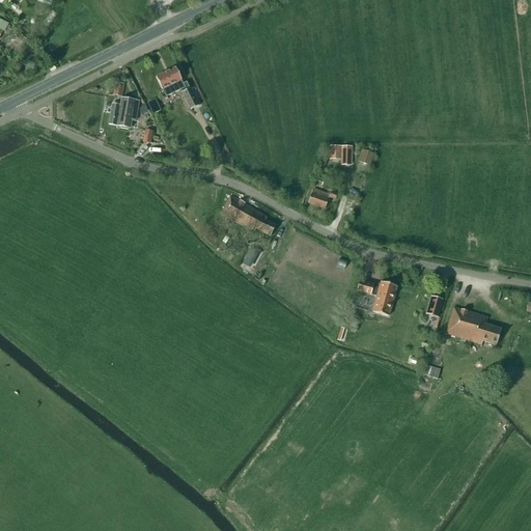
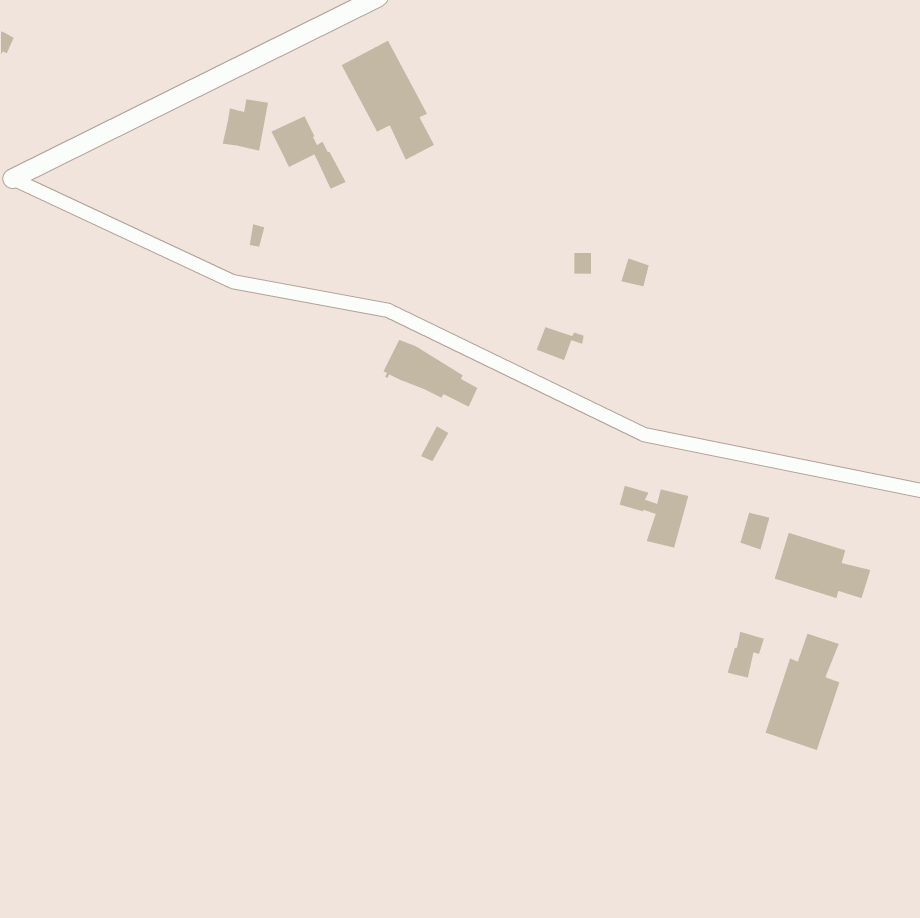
building: none -> [341,40,435,161]
building: [110,99,137,129] -> [222,99,269,151]
building: none -> [765,633,840,751]

